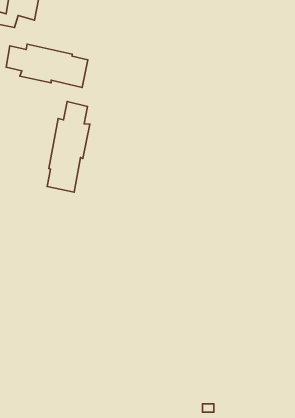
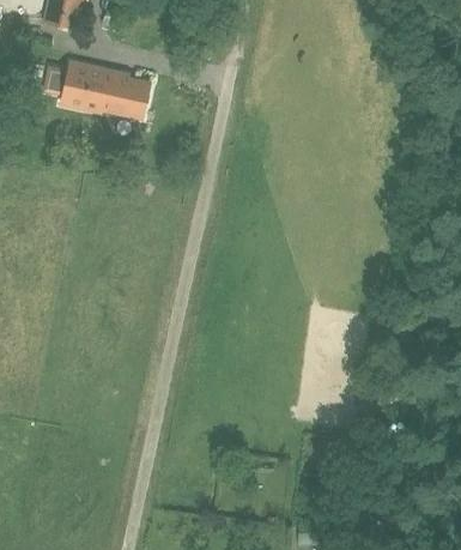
building: [47,102,90,192] -> none

